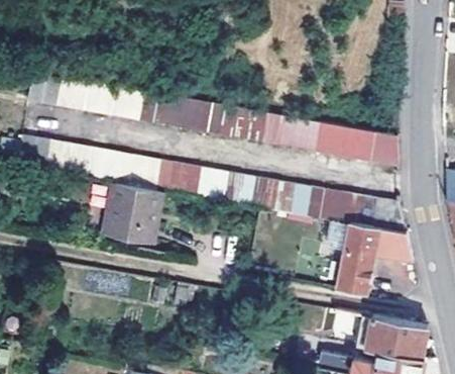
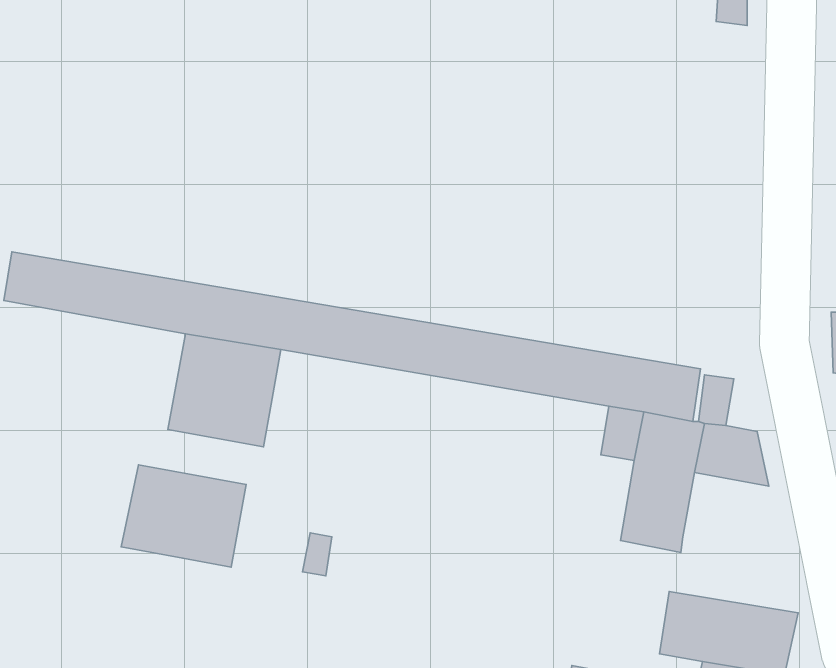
building: [29,73,397,167] -> none
building: none -> [121,465,246,567]

